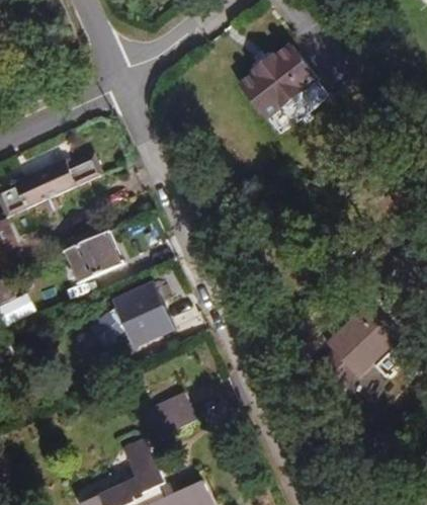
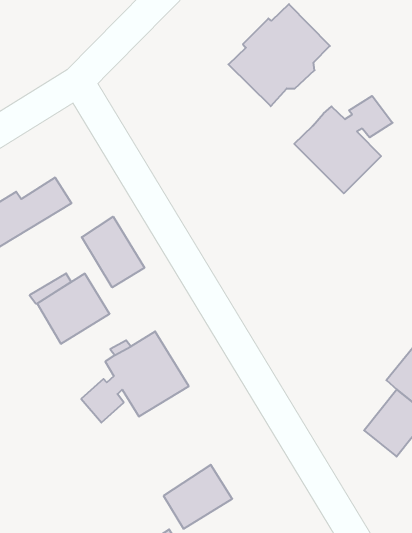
building: none -> [294,96,393,193]
building: none -> [82,217,144,287]

